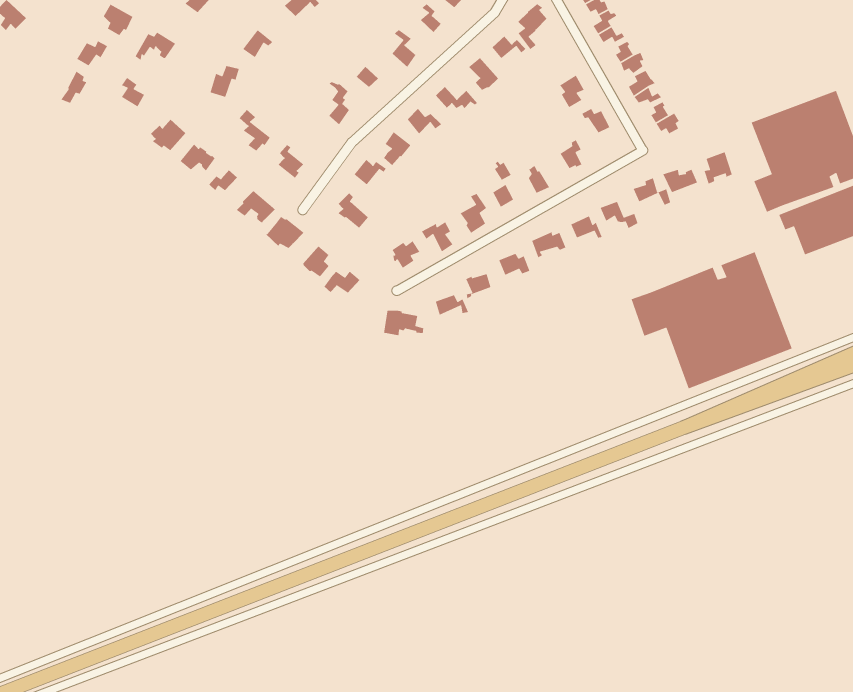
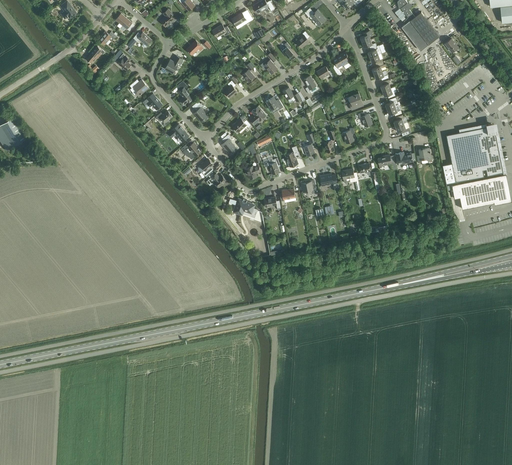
building: [631,251,793,389] -> none

